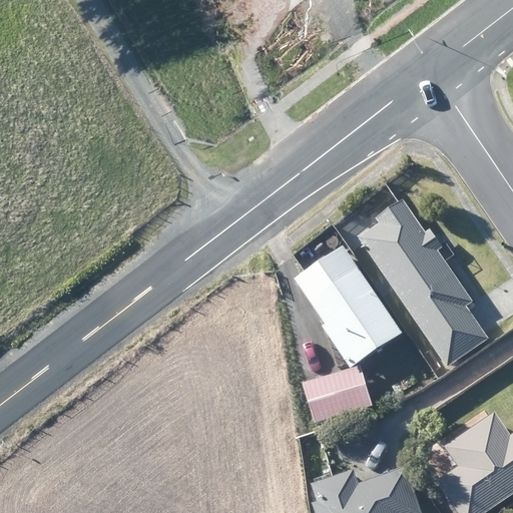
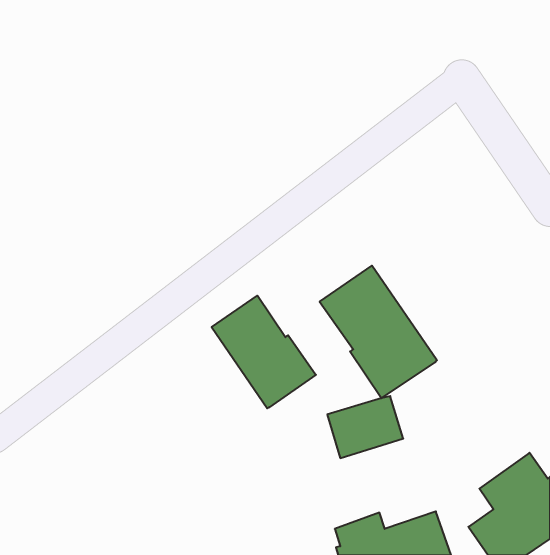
building: [358,199,487,364] -> none
building: none -> [212,296,316,408]

